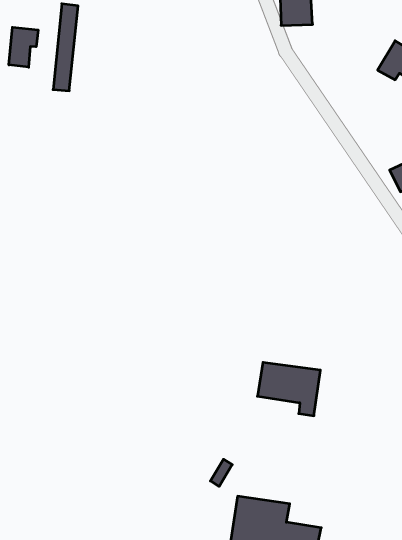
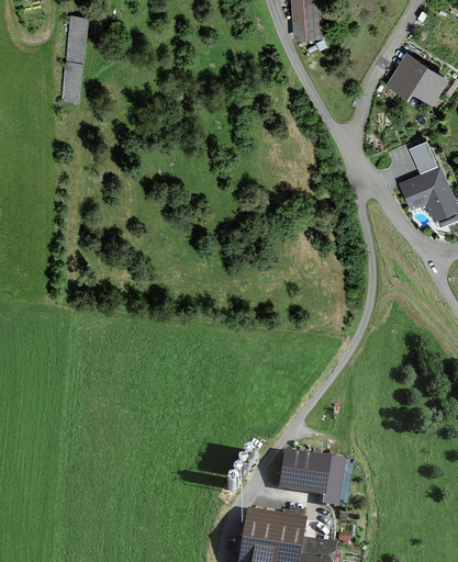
building: [9,27,38,67] -> none
building: [257,362,320,416] -> [278,454,342,508]

